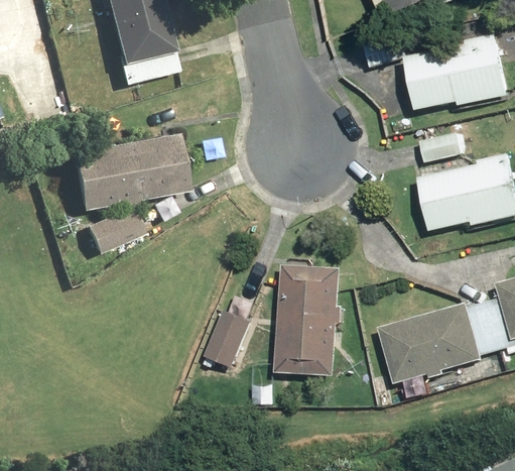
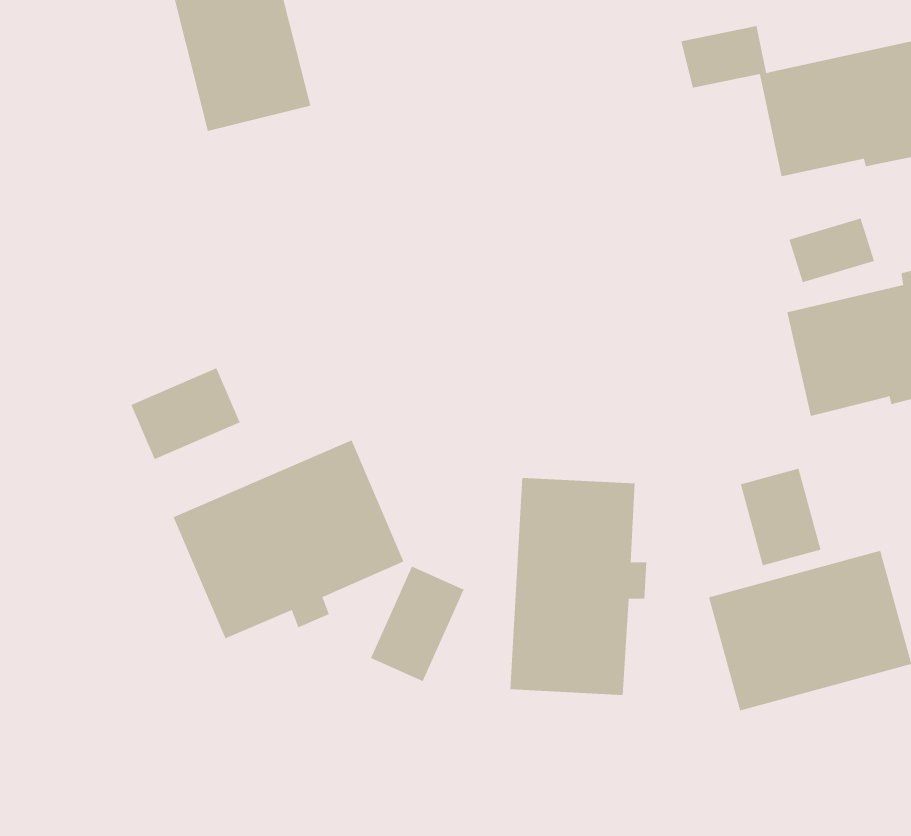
building: [62,136,179,211] -> none
building: none -> [173,439,404,639]
building: none -> [740,468,821,566]

